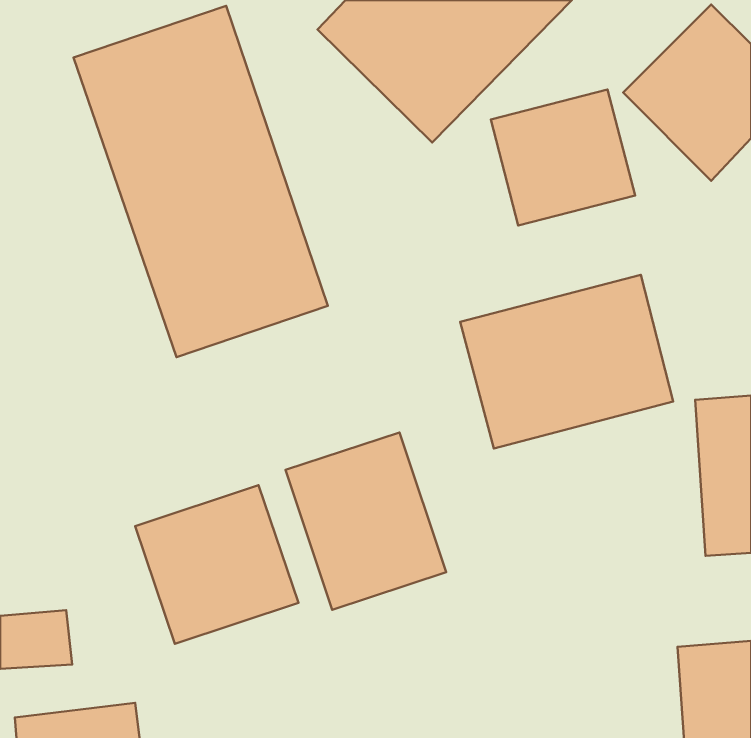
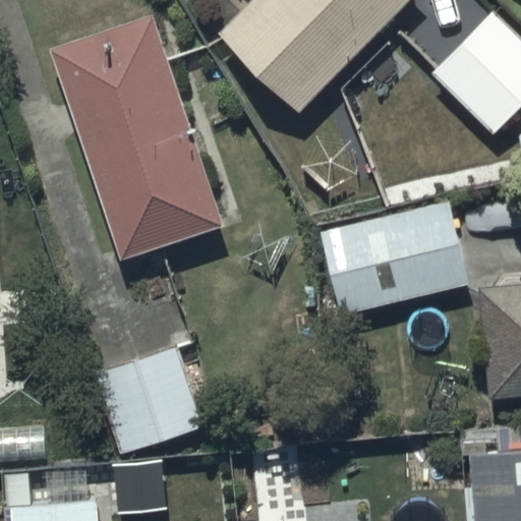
building: [491,89,635,225] -> none
building: [285,432,446,610] -> none

